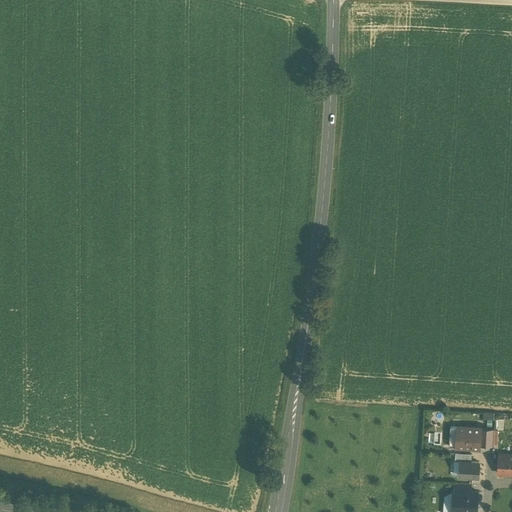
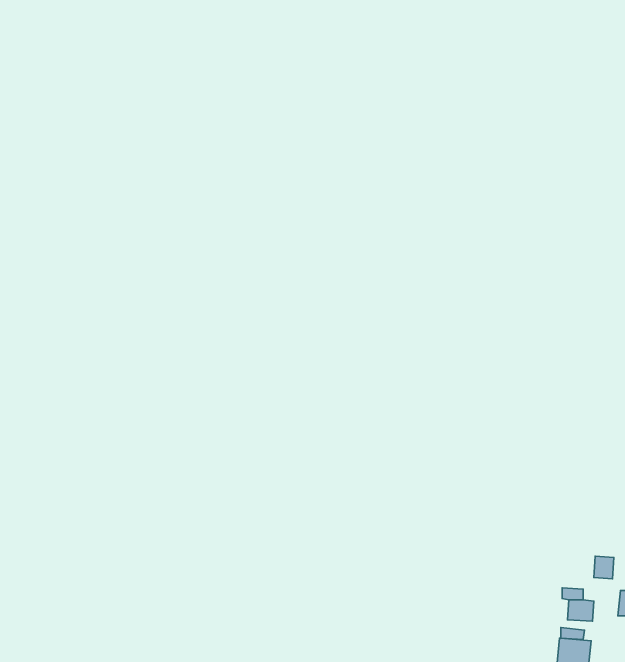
building: [454,427,478,449] -> none

